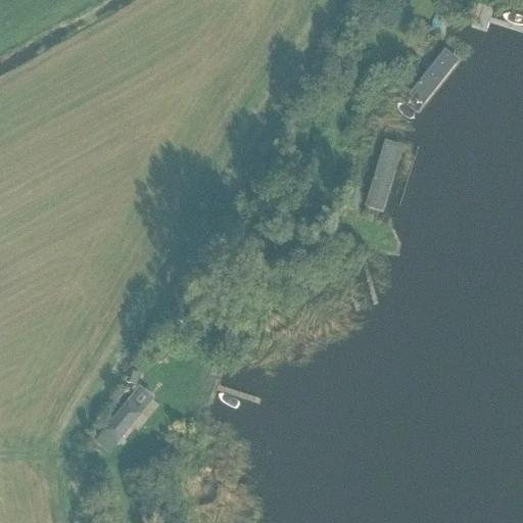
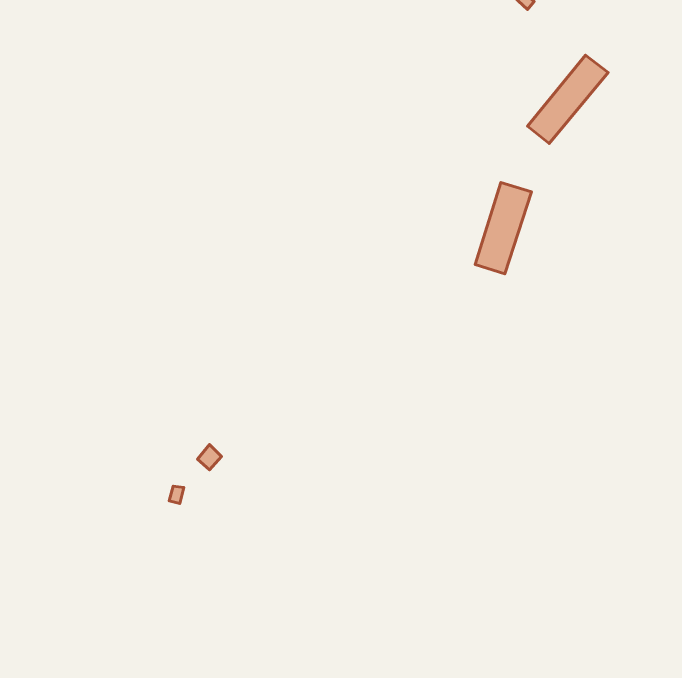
building: [97,399,142,449] -> none

